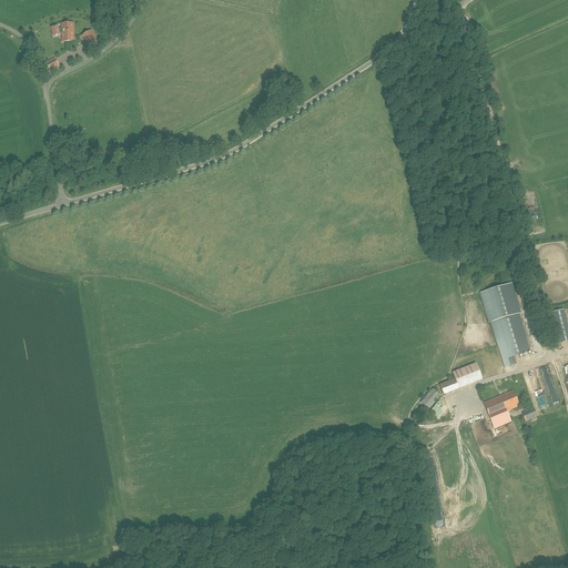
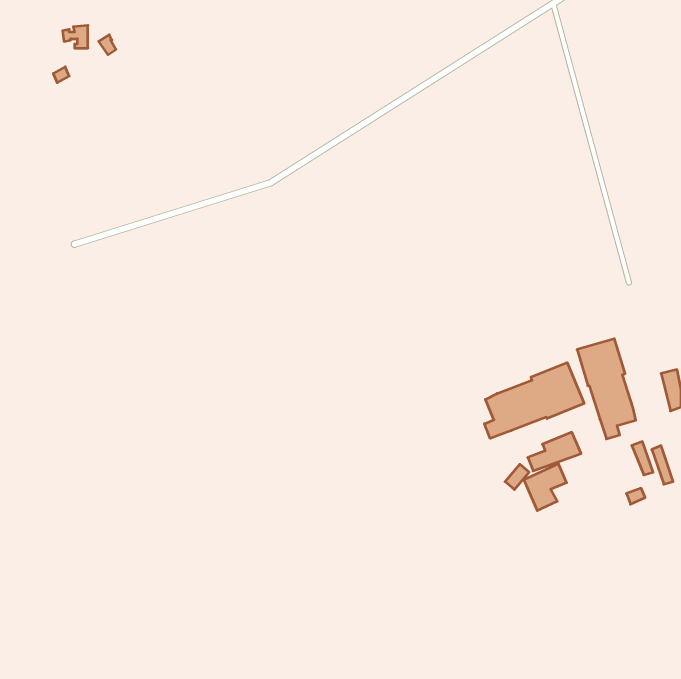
building: none -> [484,363,584,438]
building: [484,388,519,427] -> [524,464,567,511]

